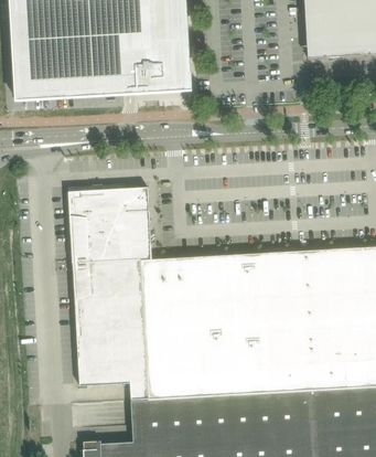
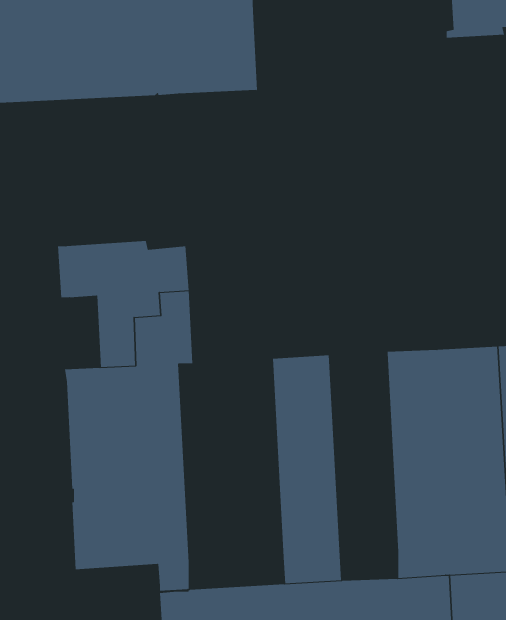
building: [71,219,95,264] -> none
building: [236,253,278,394] -> none
building: [143,257,208,400] -> none

